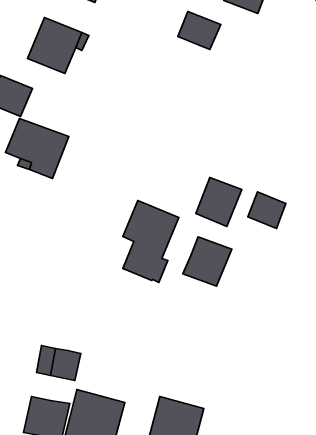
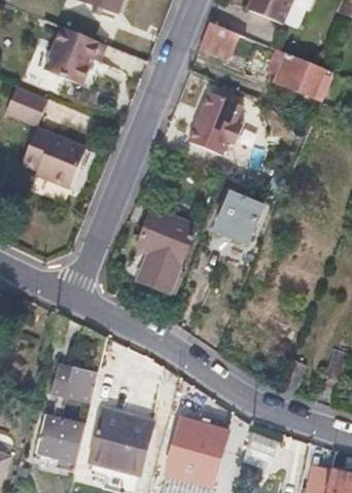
building: none -> [269,49,332,96]
building: none -> [187,93,241,156]
building: [248,192,286,228] -> none
building: [183,237,232,286] -> none

